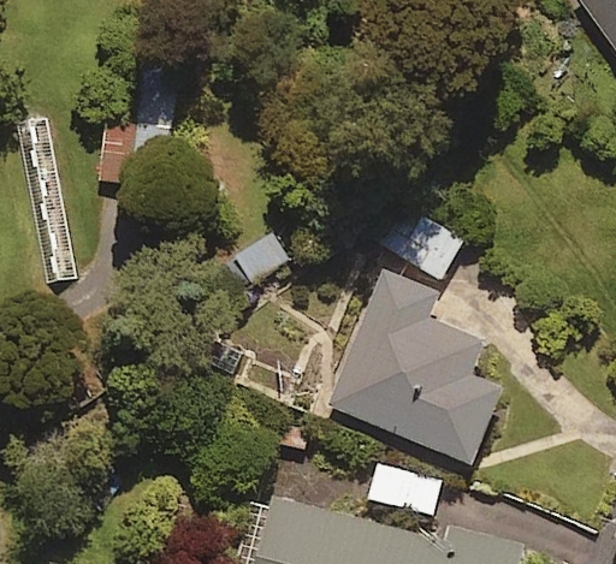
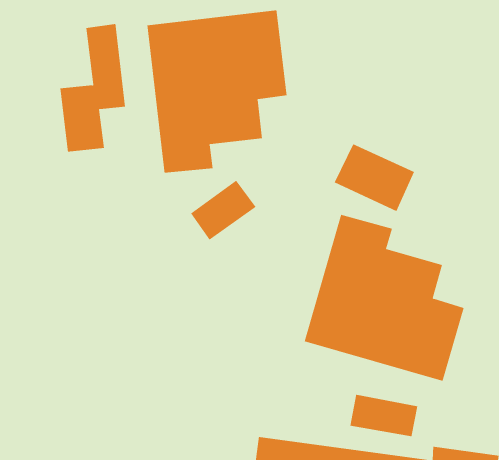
building: none -> [147,10,287,174]

